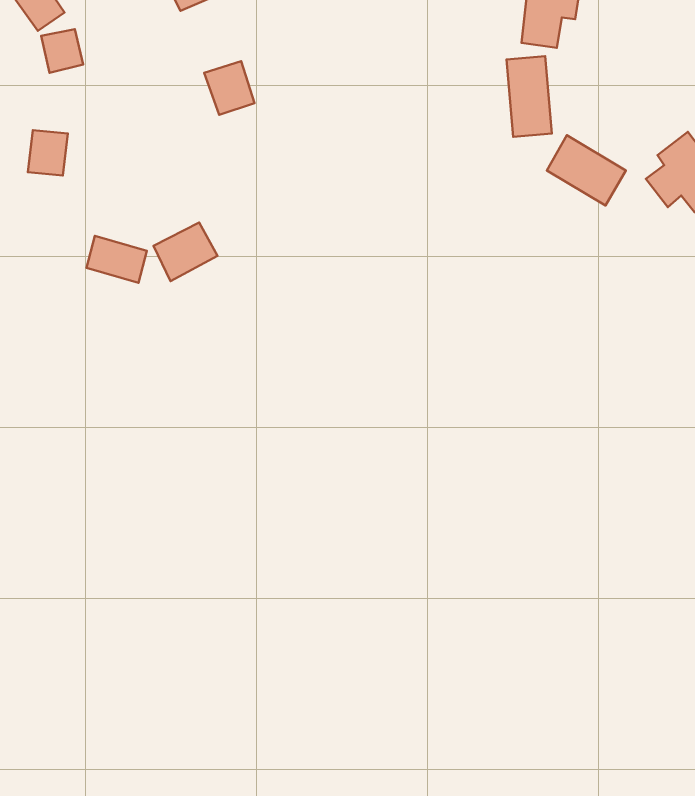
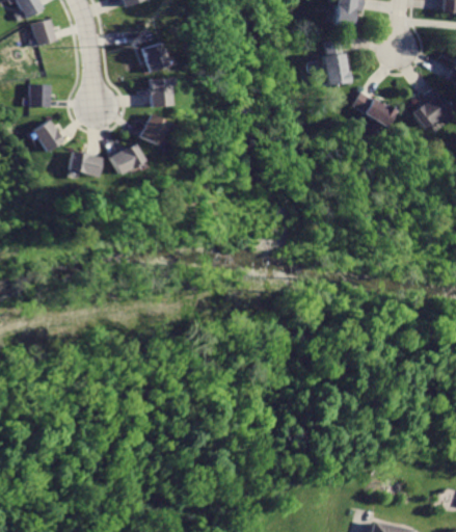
building: none -> [146,78,170,107]
building: none -> [135,112,169,148]
building: none -> [33,116,65,151]

